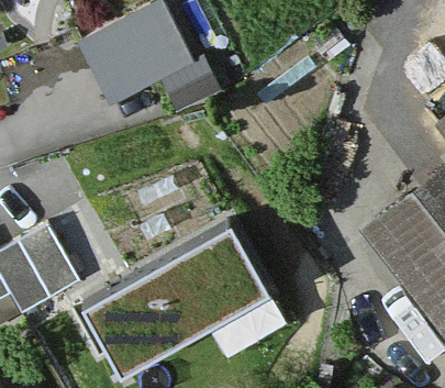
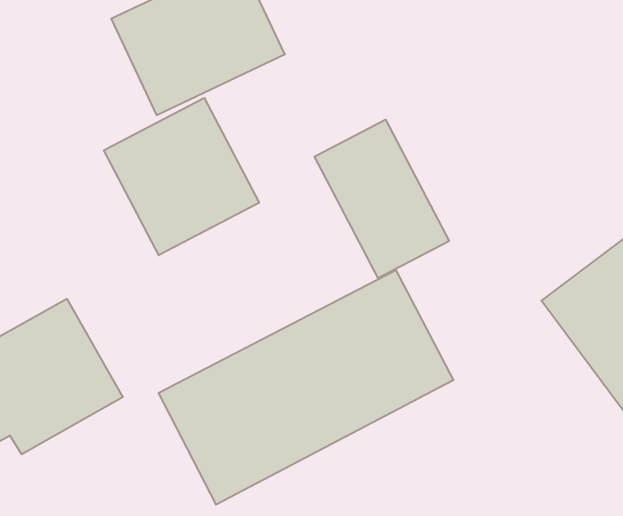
building: none -> [104,98,259,255]
building: none -> [315,120,449,278]

